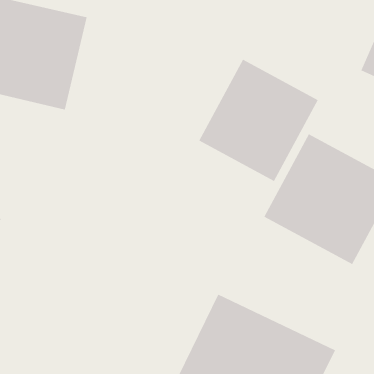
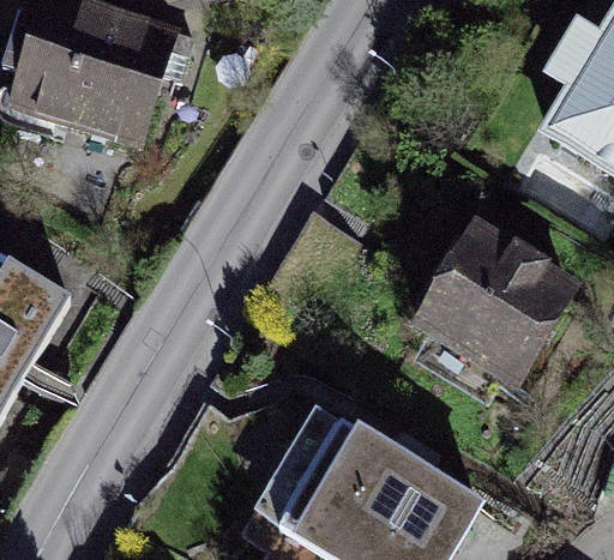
building: [198,59,319,182] -> none

